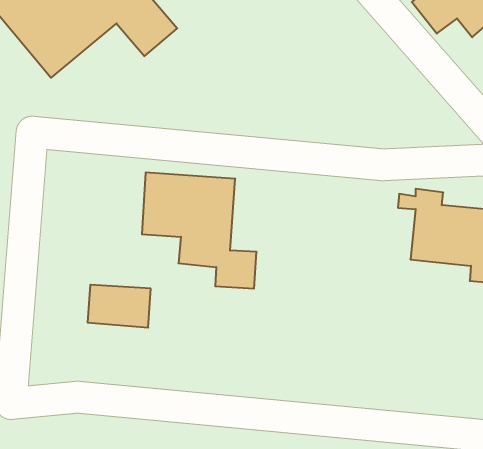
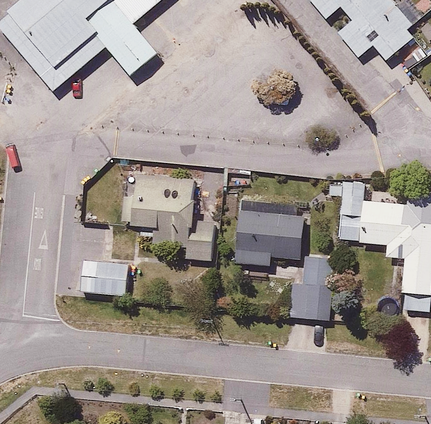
building: none -> [232,209,332,319]

